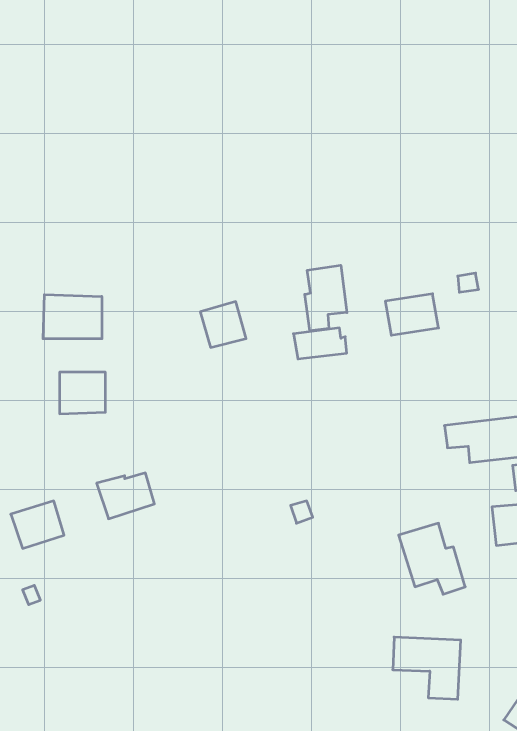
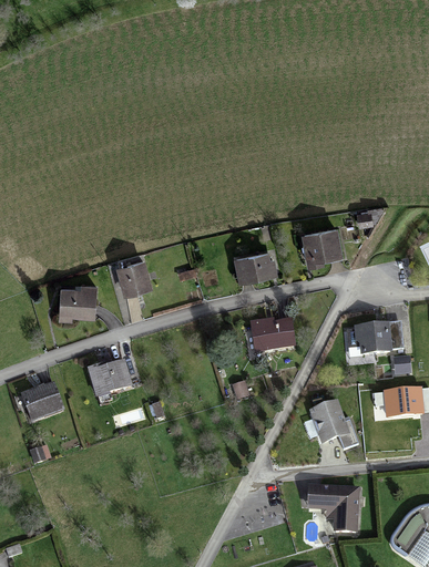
building: [305,265,347,331] -> none
building: [43,295,102,339] -> none
building: [200,302,246,347] -> [114,260,149,295]
building: none -> [247,321,290,351]

